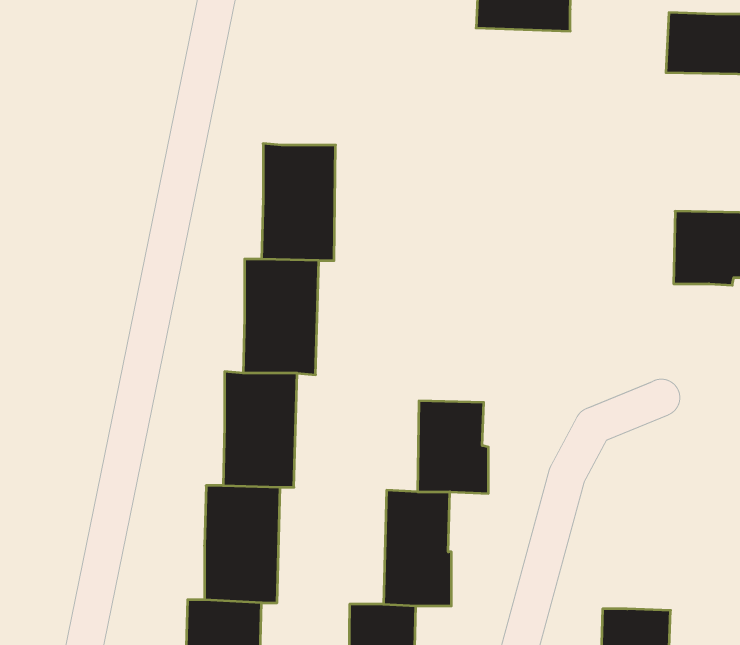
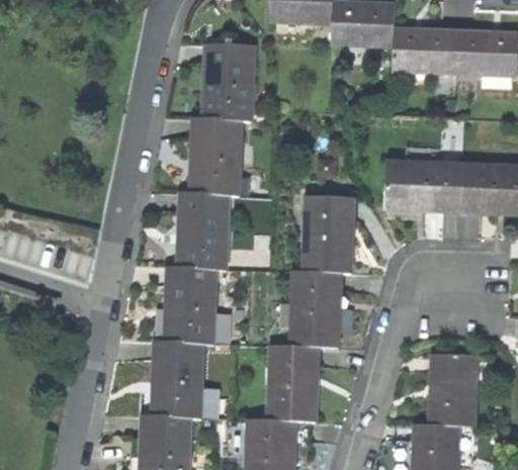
building: none -> [393,30,458,72]
building: none -> [204,44,254,119]
building: none -> [386,162,462,210]
building: none -> [306,197,352,273]
building: none -> [431,354,477,425]

